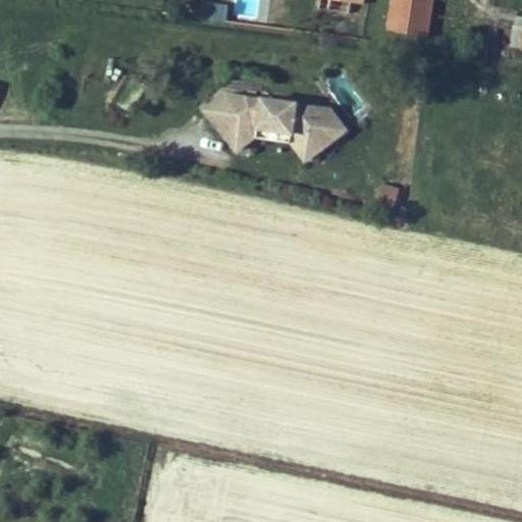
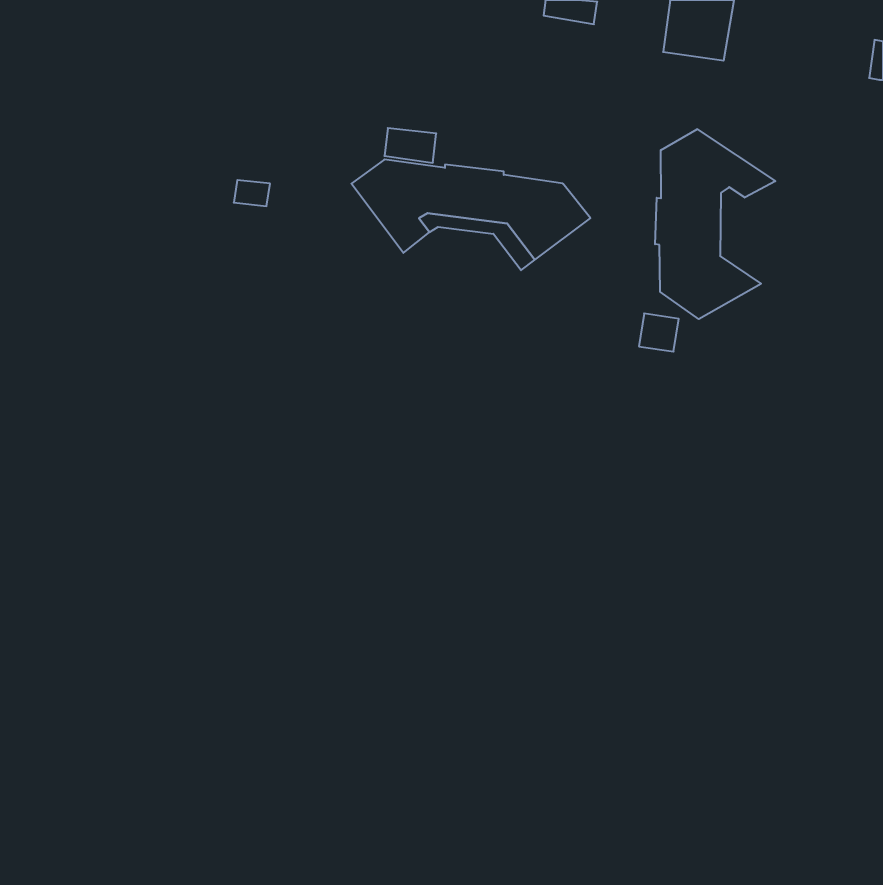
building: none -> [655,129,775,319]

